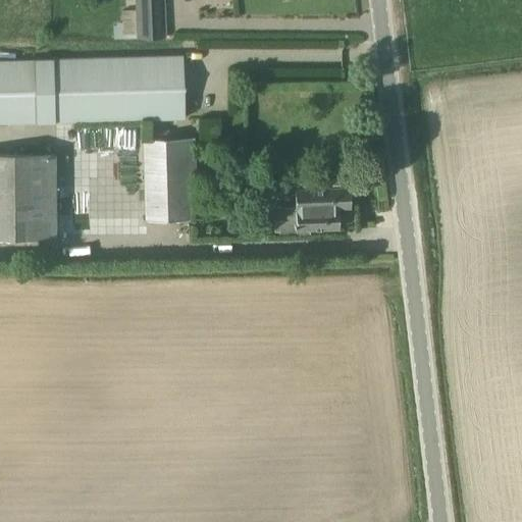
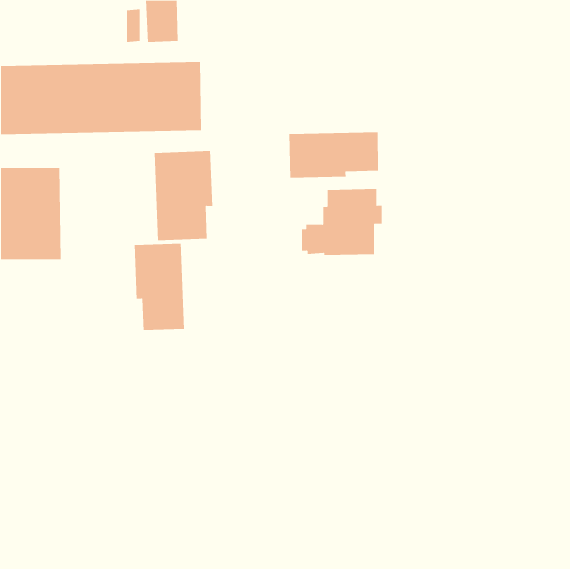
building: none -> [289,132,379,178]
building: none -> [134,243,184,331]

